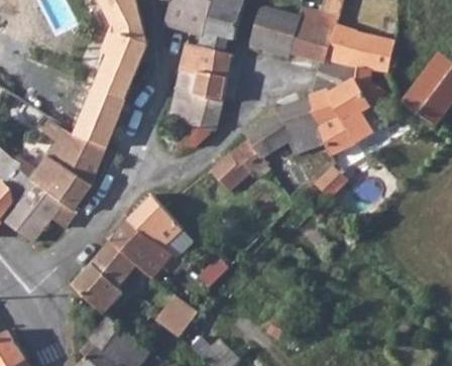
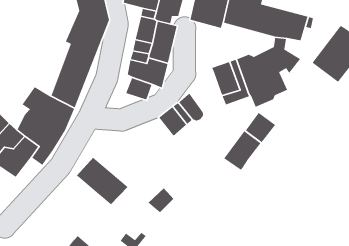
building: [244,113,288,159] -> none
building: none -> [223,130,262,171]
building: [126,195,196,259] -> none
building: [69,243,133,315] -> none

